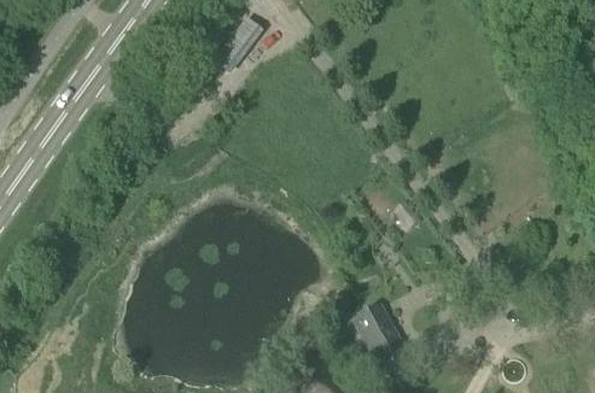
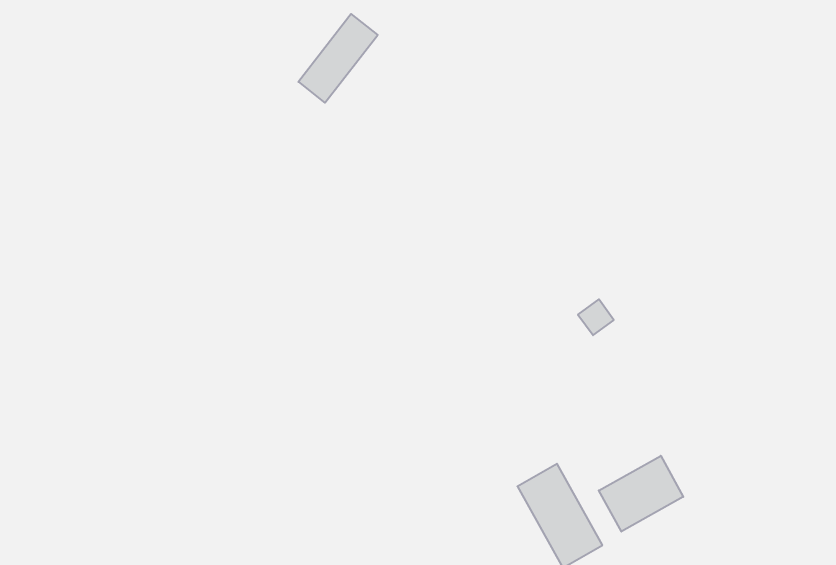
building: none -> [599,456,683,532]

